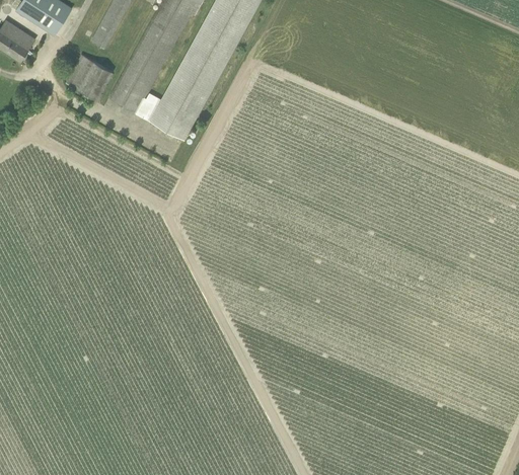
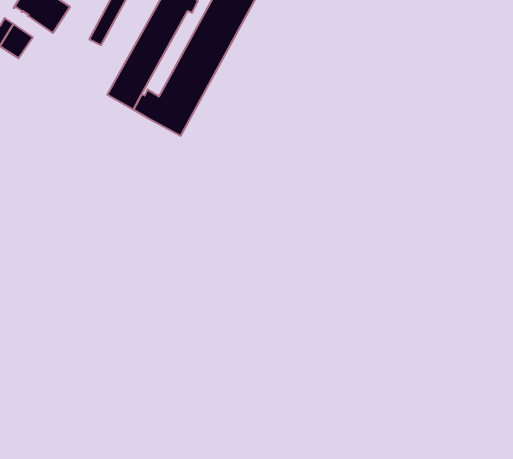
building: [66,55,113,99] -> none

